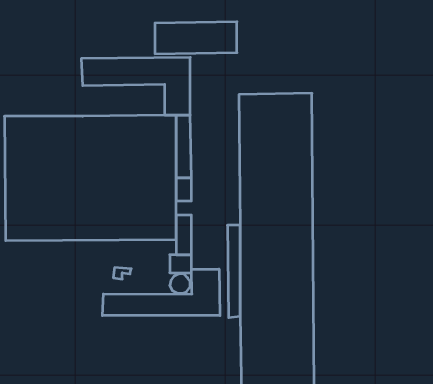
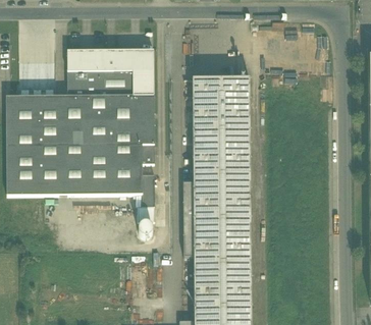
building: [155,22,237,54] -> [68,69,134,95]
building: [102,269,220,316] -> none

